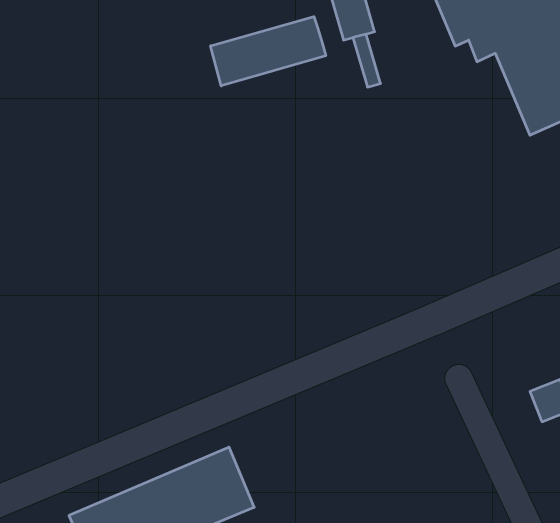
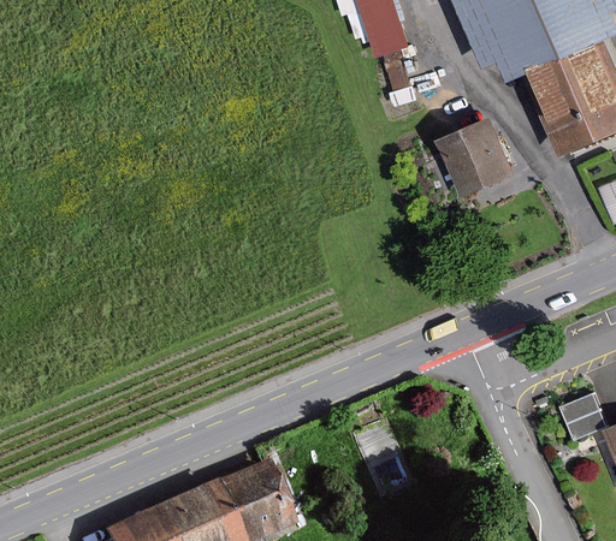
building: [211,17,326,86] -> none
building: none -> [439,121,509,191]

